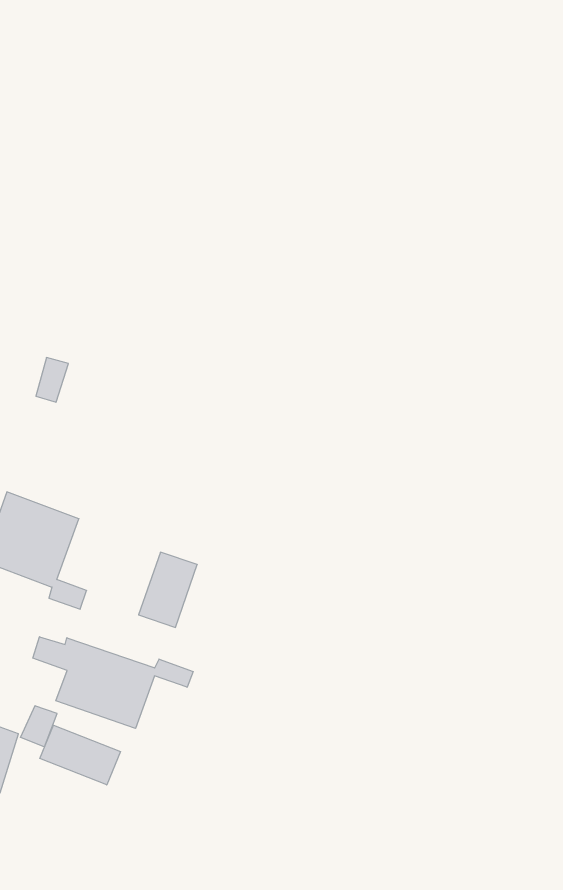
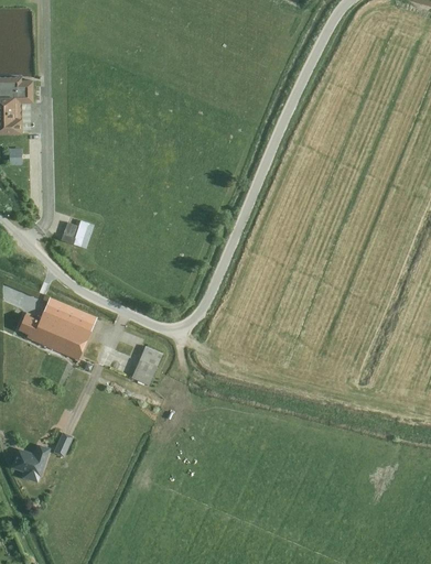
building: [33,637,193,728] -> none
building: [40,725,120,785] -> none

